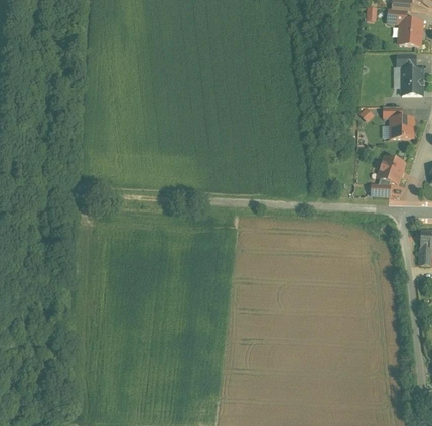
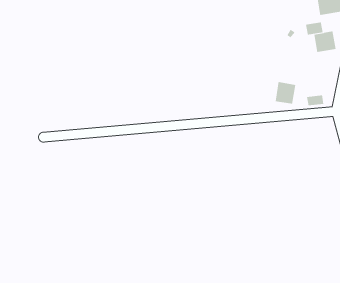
building: [378,157,404,184] -> [275,81,296,104]

